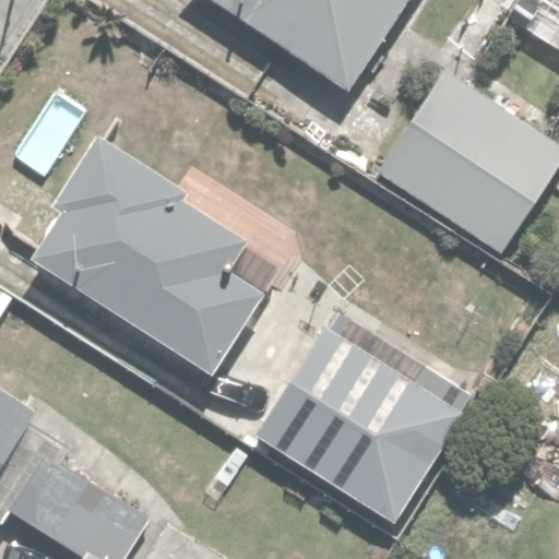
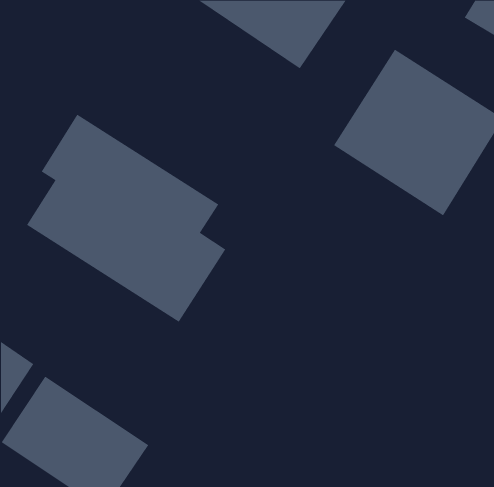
building: [254,319,469,521] -> none

